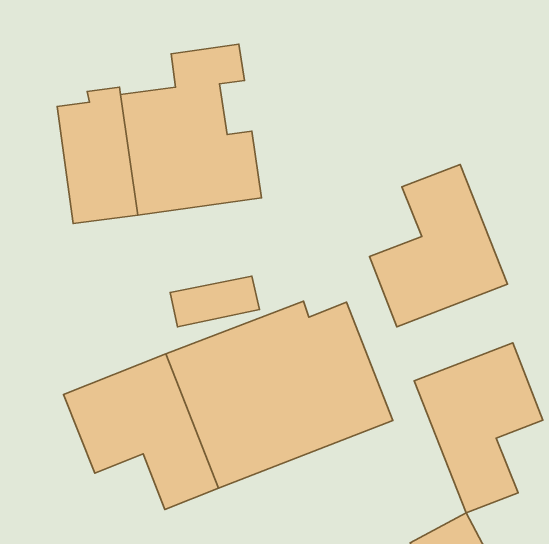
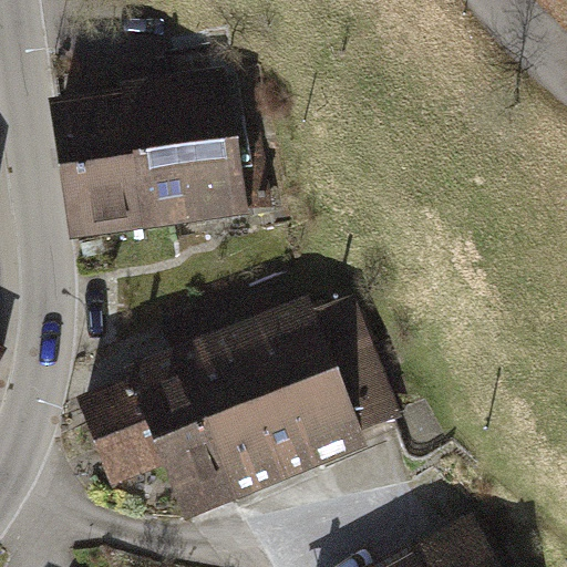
building: [370,164,507,327] -> none
building: [414,343,543,513] -> none

